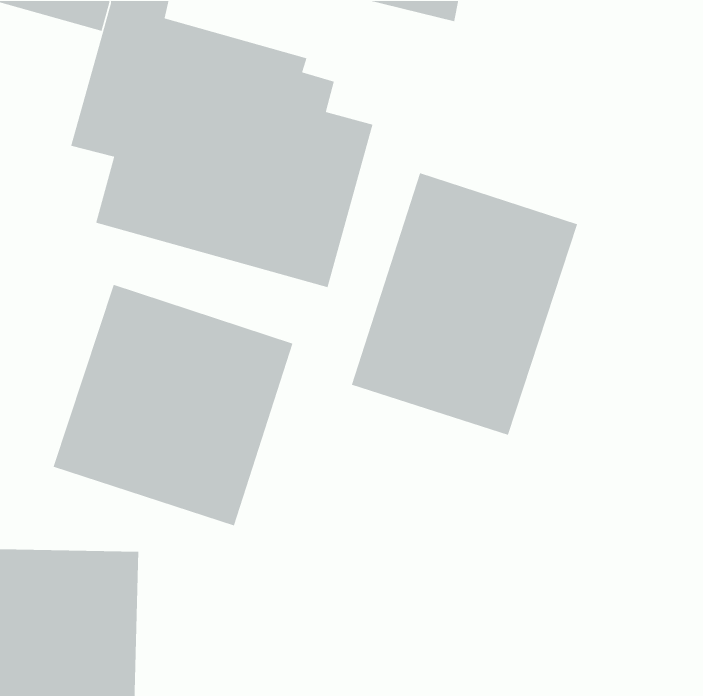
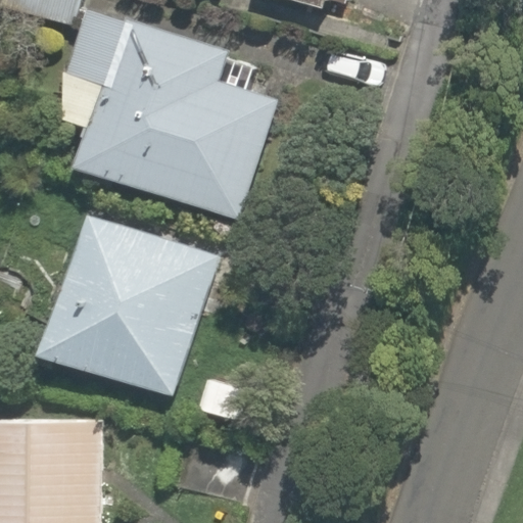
building: [351,172,578,436] -> none

